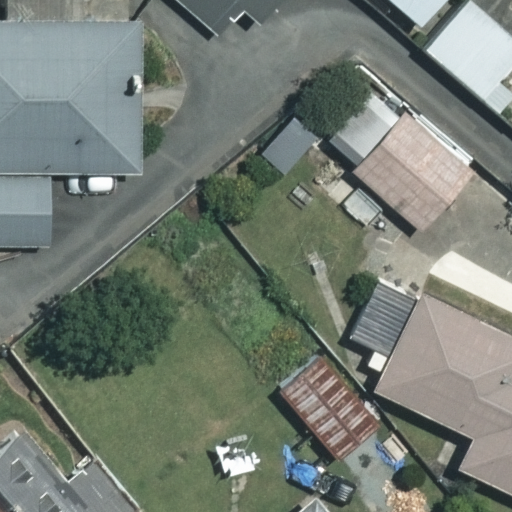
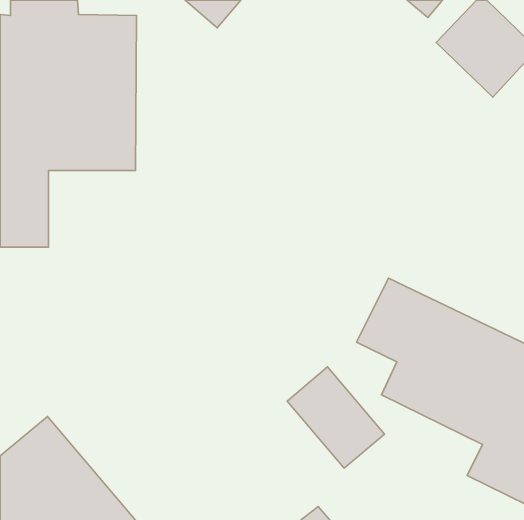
building: [321,88,468,229] -> none

